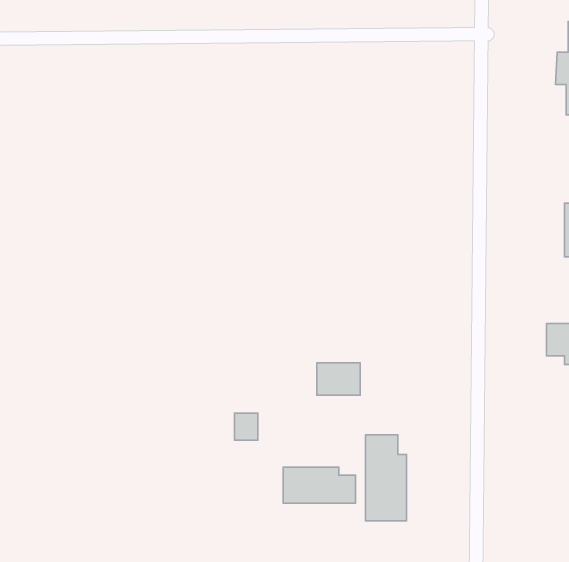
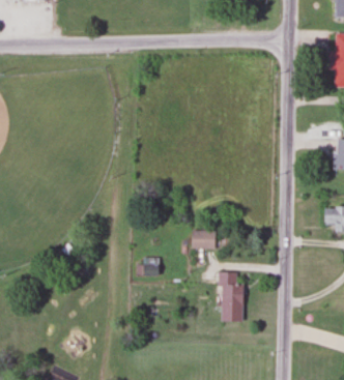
building: [283,467,356,503] -> none

